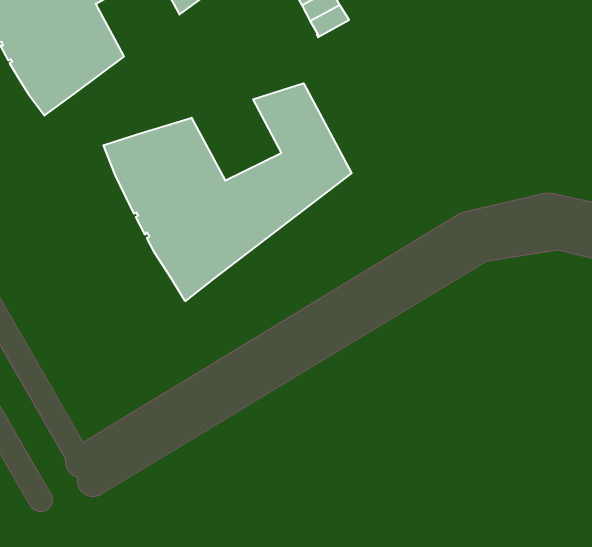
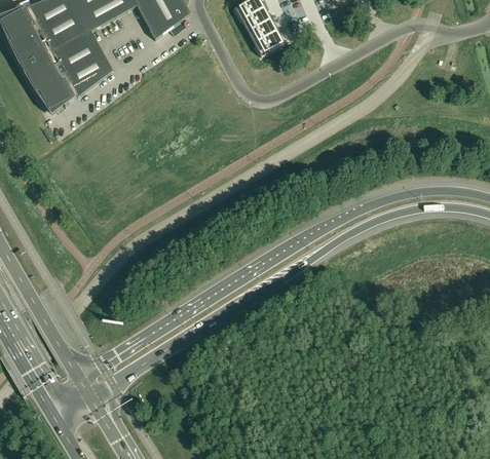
building: [104,83,352,301] -> none

